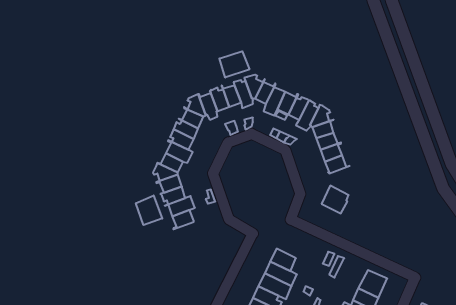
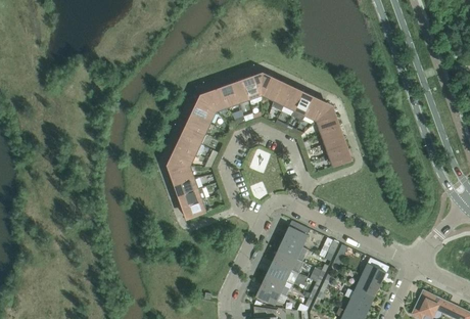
building: [219,51,249,78] -> none
building: [322,186,349,213] -> [283,220,309,246]
building: [136,195,162,225] -> none

